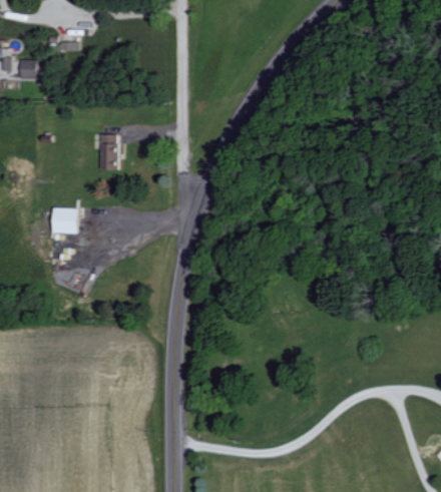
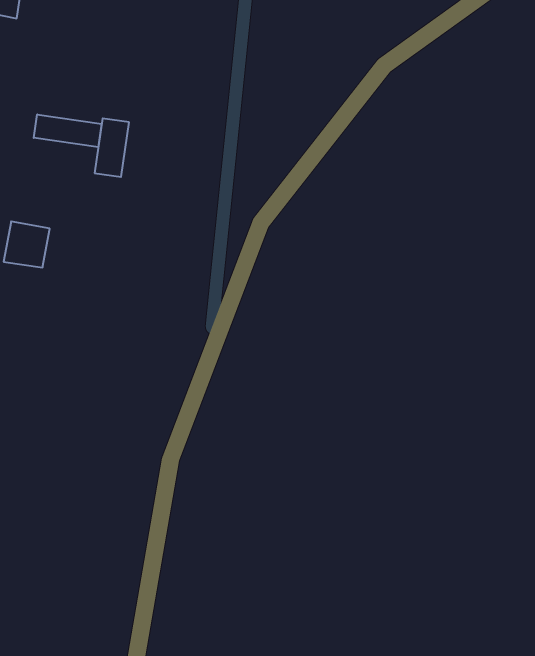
building: none -> [34,114,102,147]

